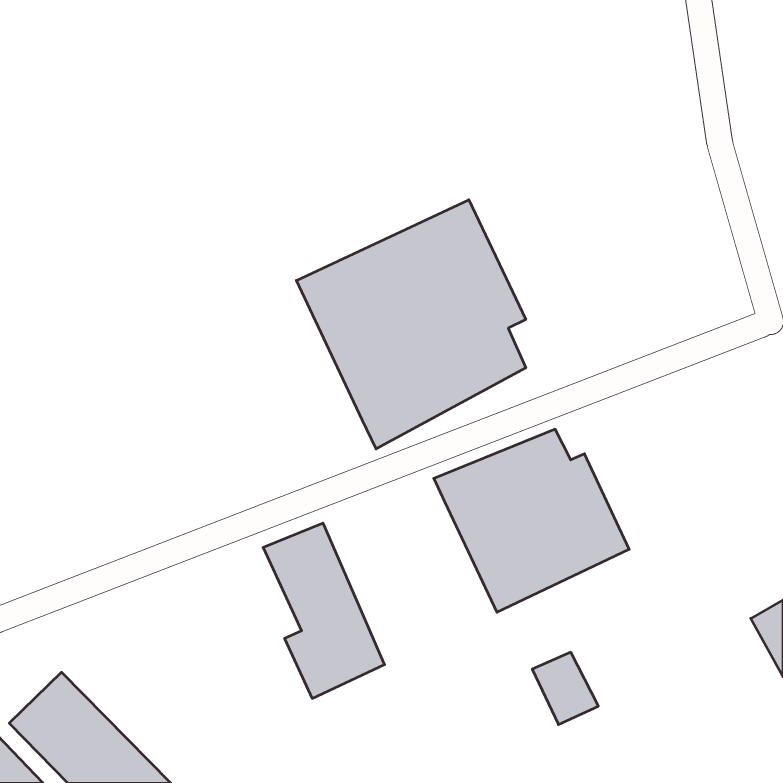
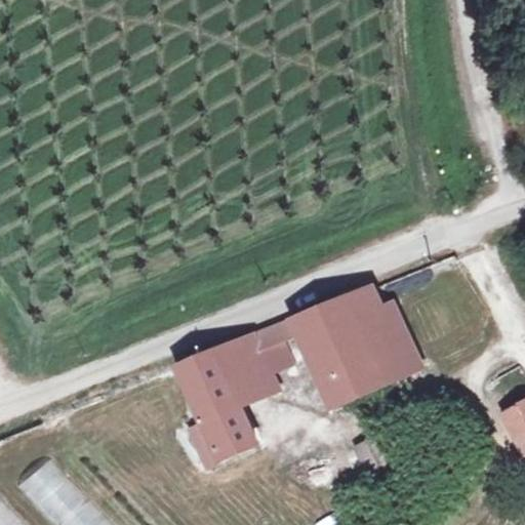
building: [296,200,526,449] -> none
building: none -> [215,319,296,405]

